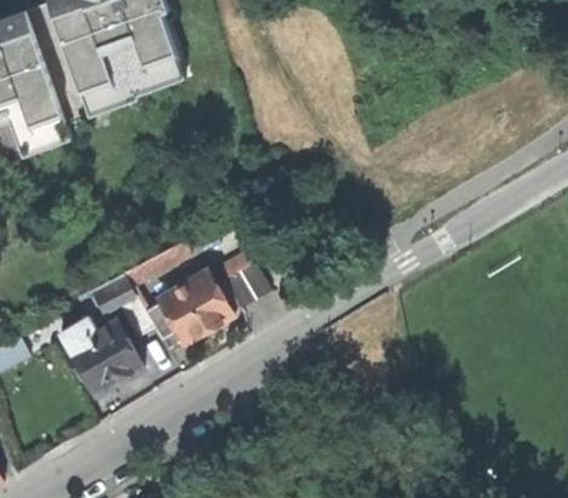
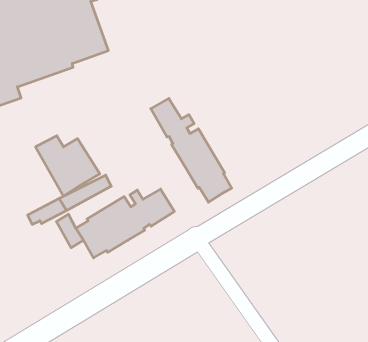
building: none -> [151,98,232,202]
building: [58,317,142,396] -> [36,136,100,196]

